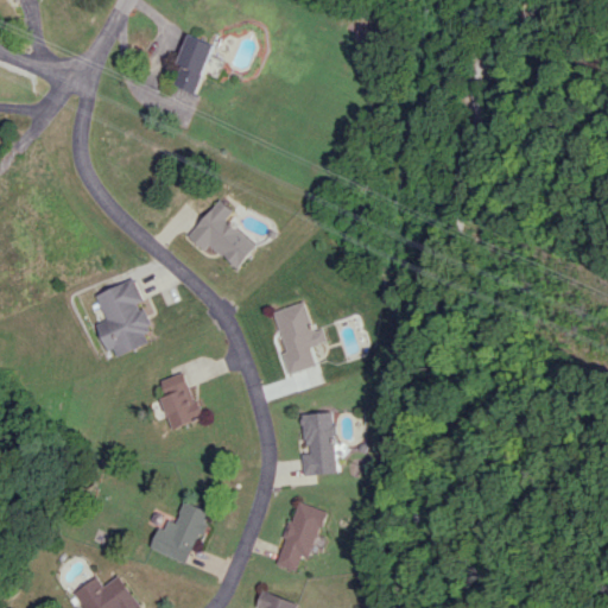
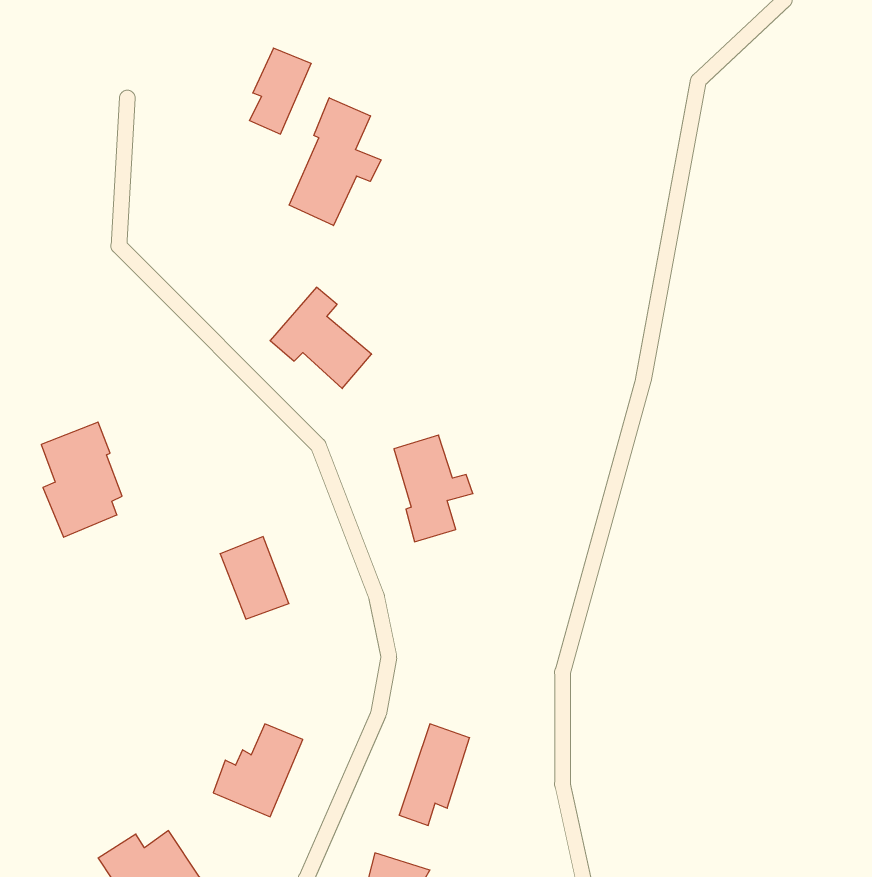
building: none -> [289,98,381,226]
building: [94,279,150,359] -> [41,422,122,537]
building: [300,412,335,475] -> none

